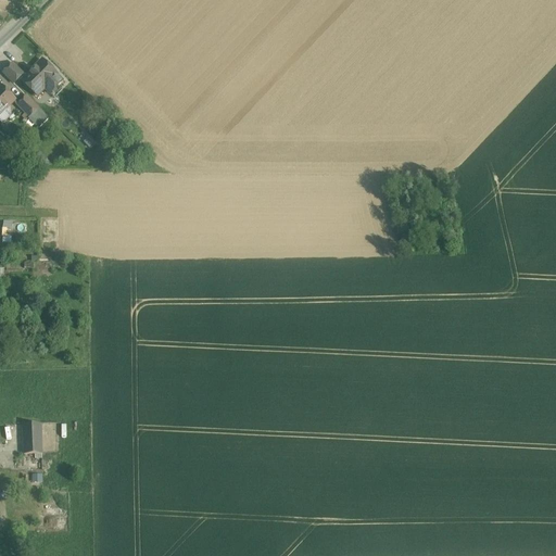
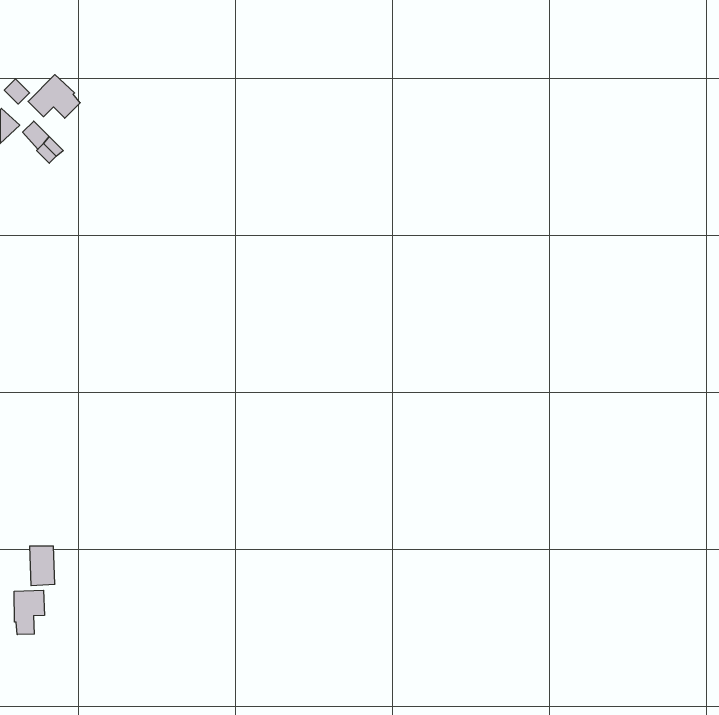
building: none -> [14,590,44,635]

